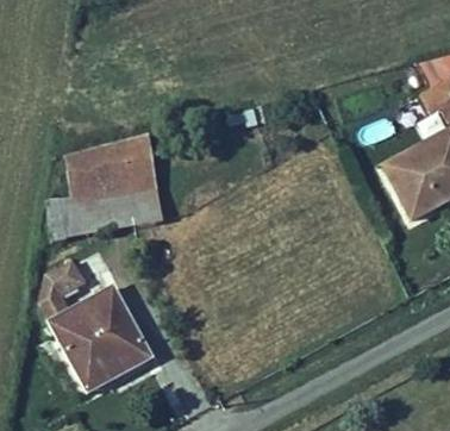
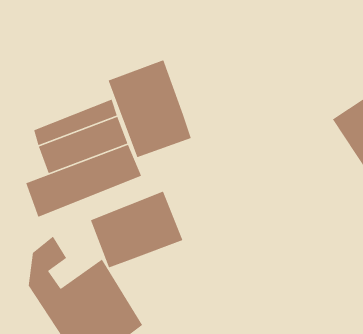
building: none -> [108,59,192,158]
building: none -> [90,190,183,268]

